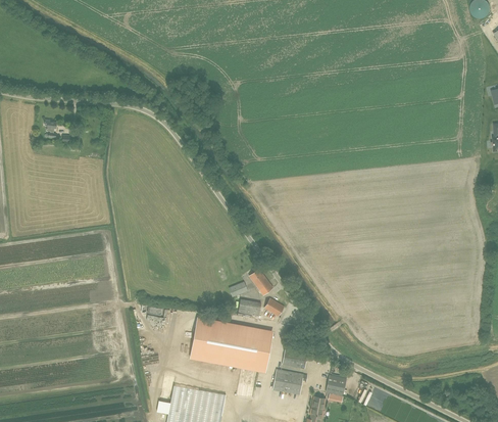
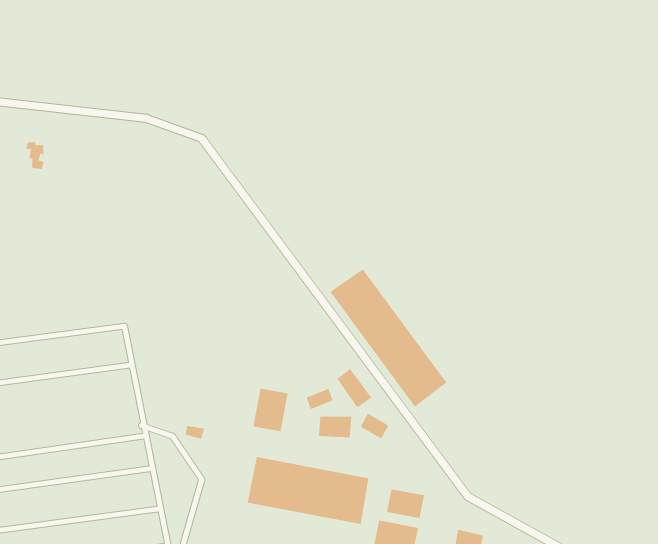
building: none -> [329,268,447,408]
building: none -> [253,388,288,432]

